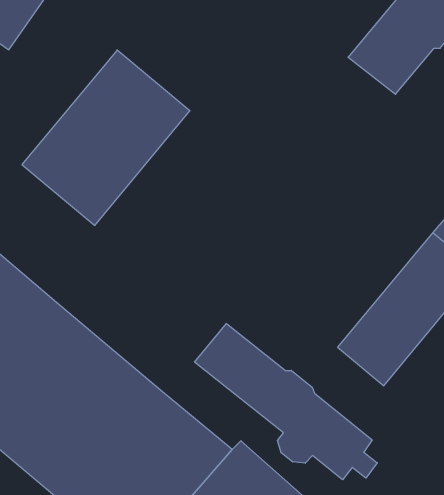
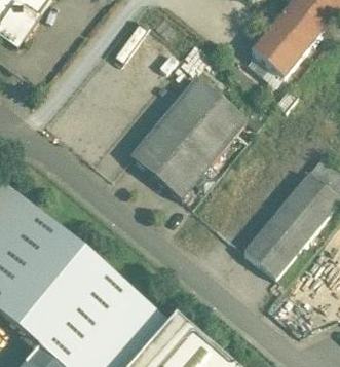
building: [22,50,190,225] -> [131,77,248,198]
building: [195,324,377,480] -> none

